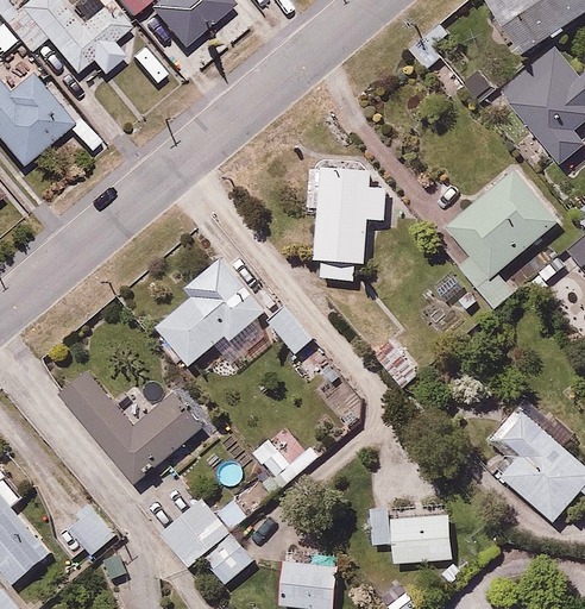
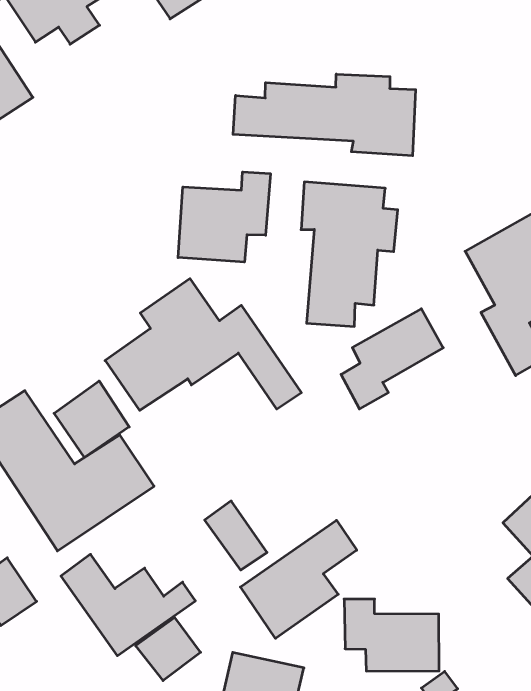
building: none -> [233,74,416,156]
building: none -> [178,172,270,262]
building: none -> [341,309,443,409]
building: none -> [54,381,129,457]
building: none -> [240,520,357,638]

